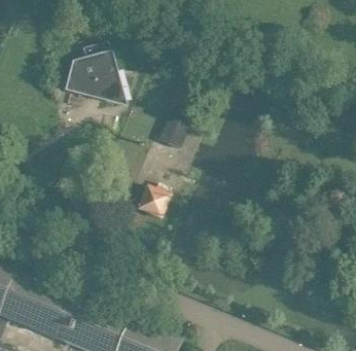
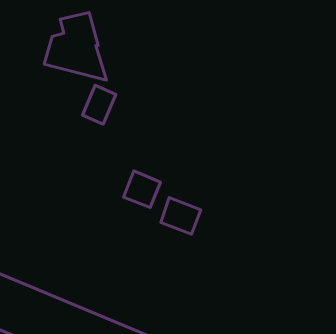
building: [157,112,187,147] -> [82,85,116,124]
building: none -> [161,197,201,234]

